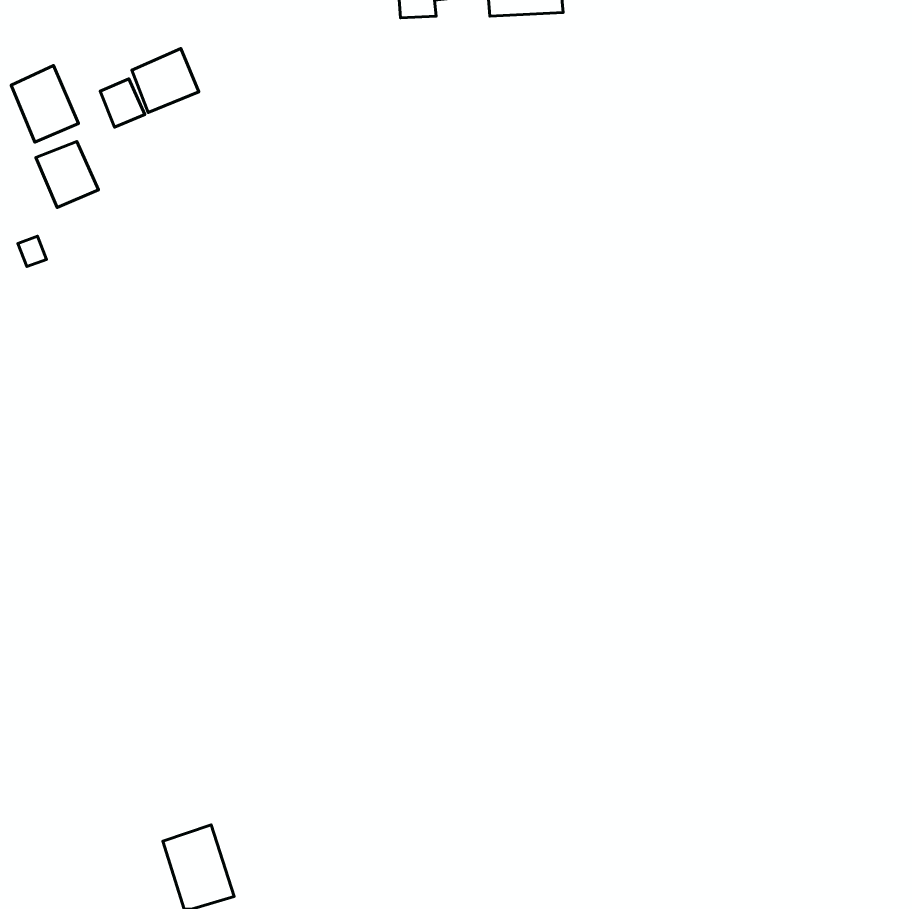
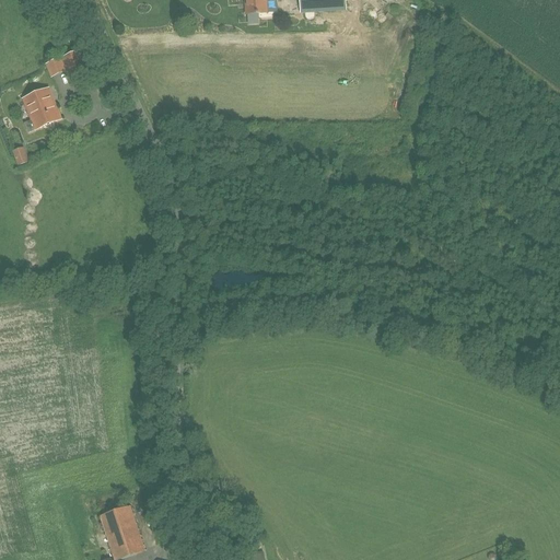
building: [132,48,199,113] -> none
building: [11,65,78,142] -> none

